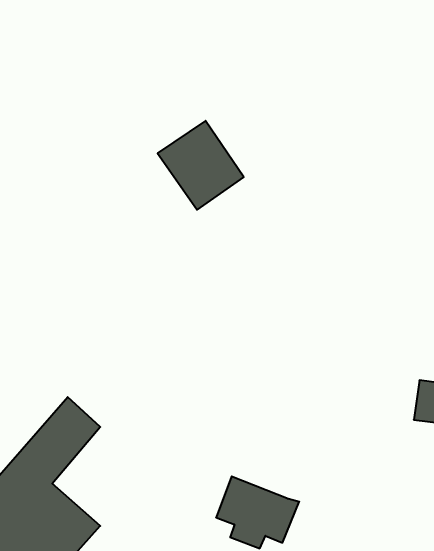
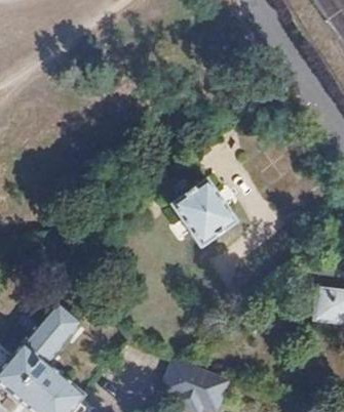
building: [158,121,244,210] -> [173,179,235,244]

